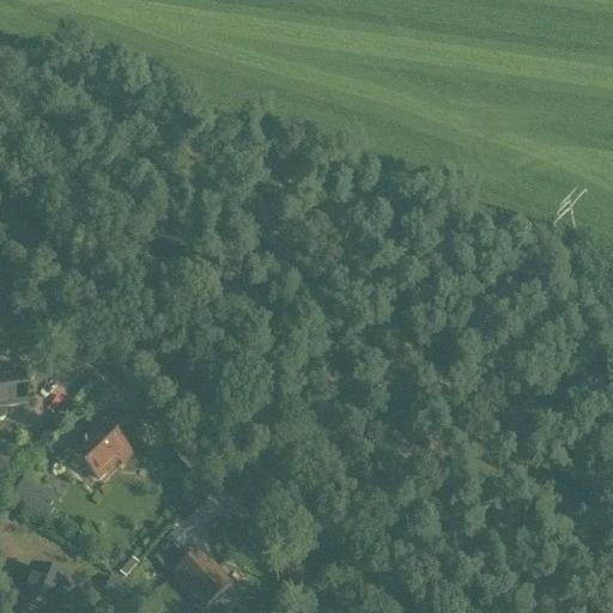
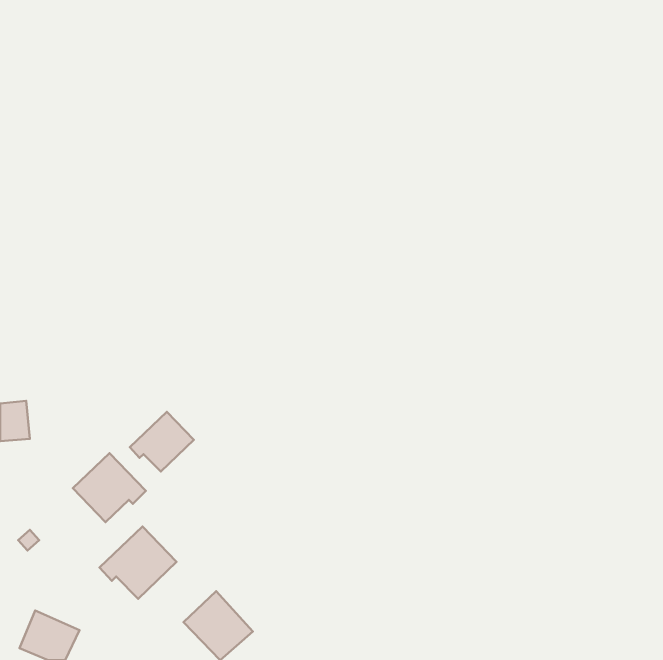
building: none -> [130,412,194,472]
building: none -> [100,526,176,599]

